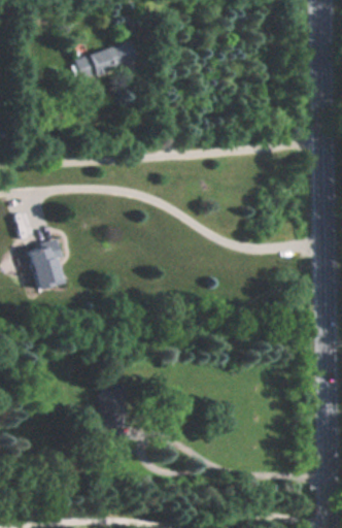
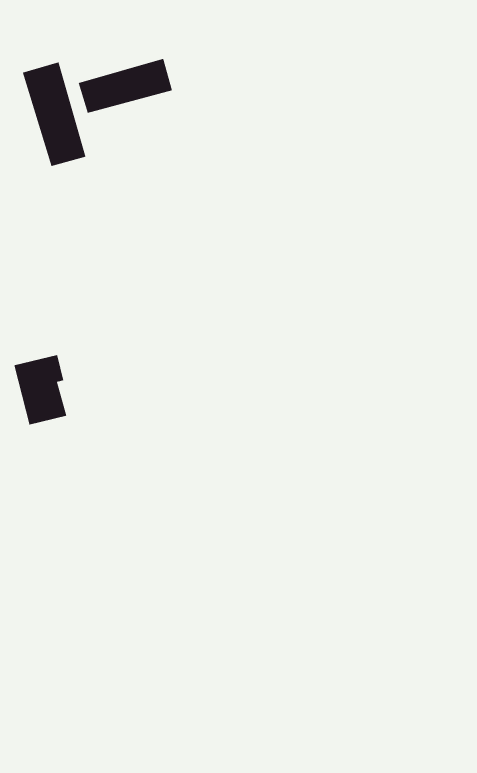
building: none -> [22,62,86,167]

